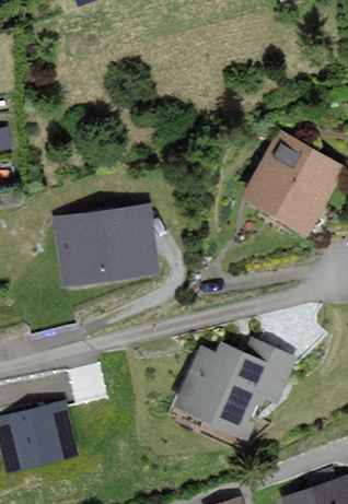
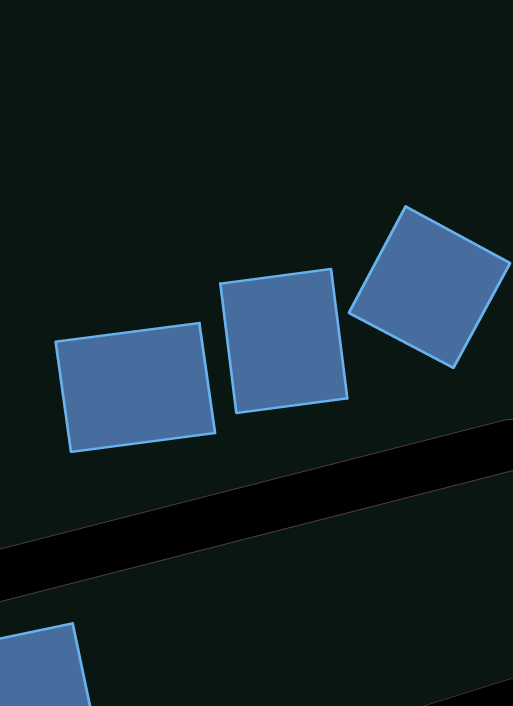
building: none -> [220,269,347,413]
building: [175,339,295,435] -> none

